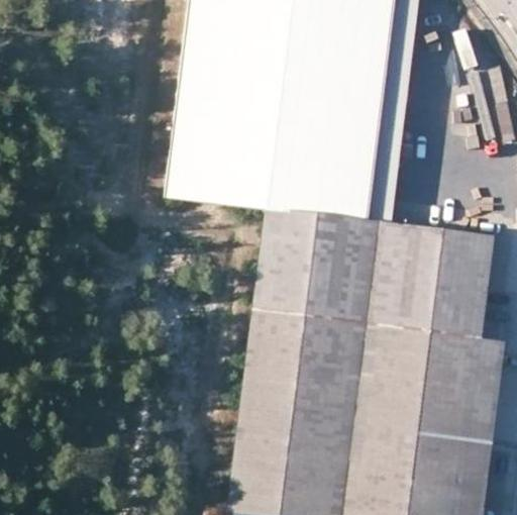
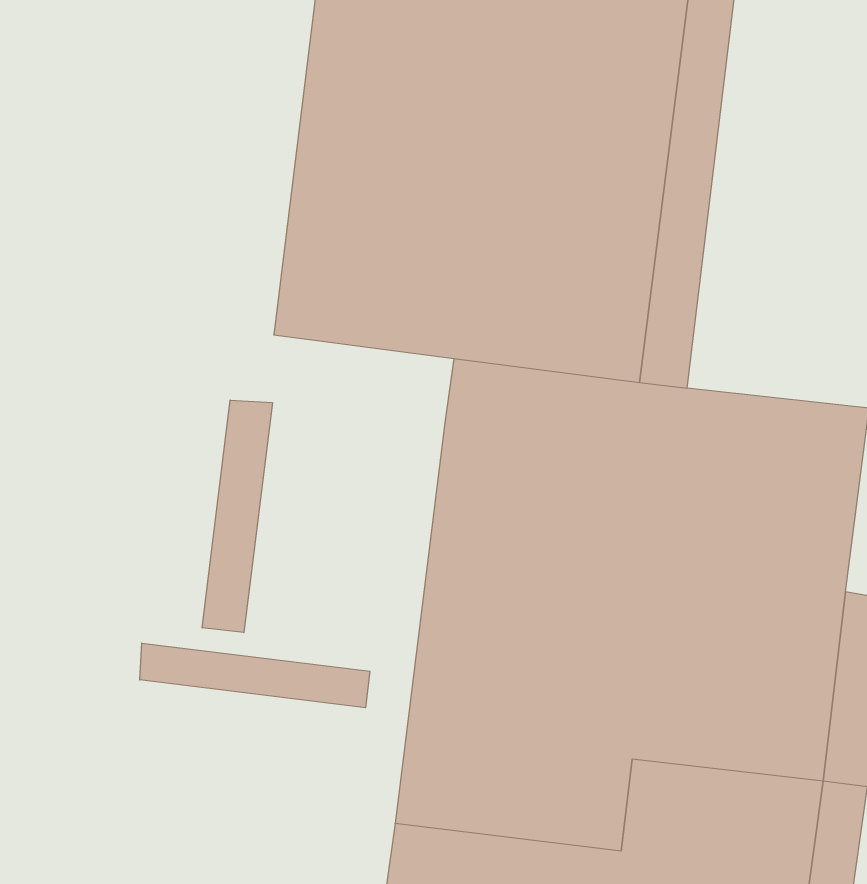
building: none -> [202,400,272,633]
building: none -> [140,643,370,708]

